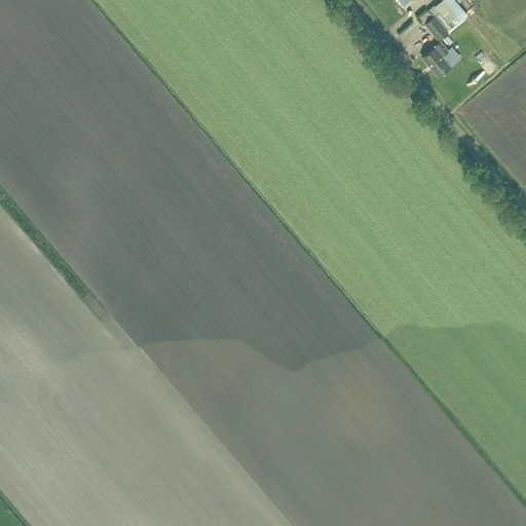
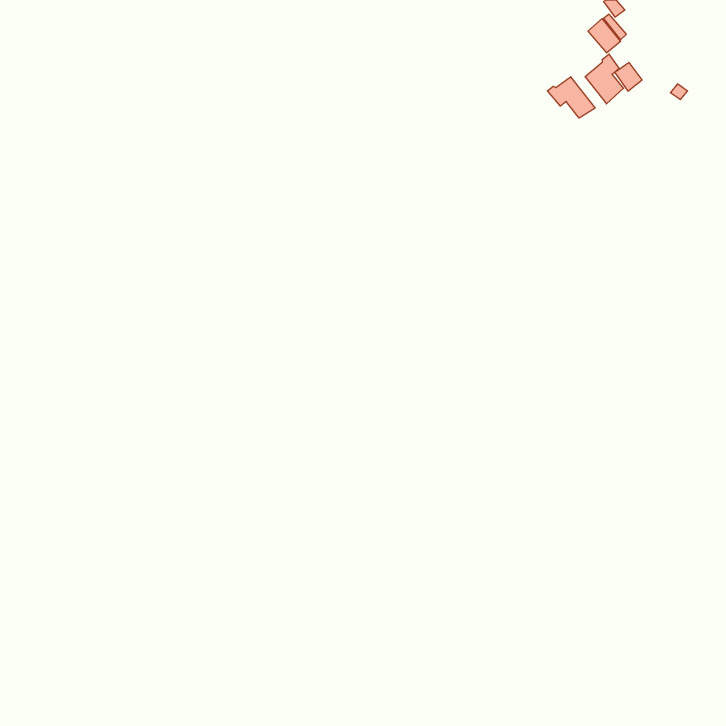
building: none -> [547,77,595,118]

